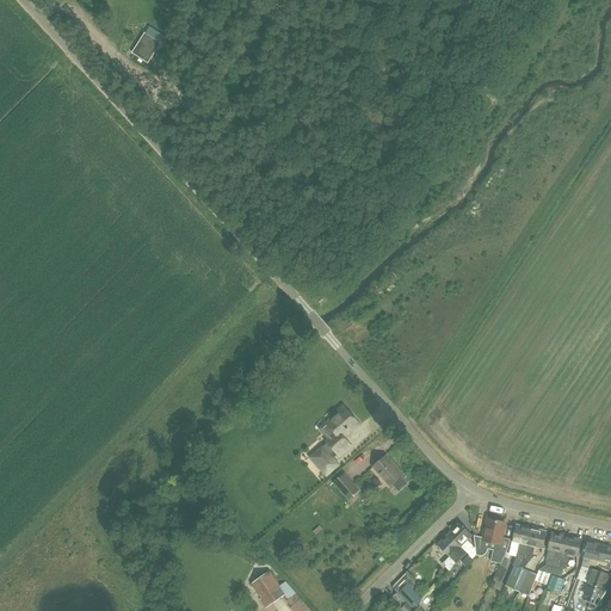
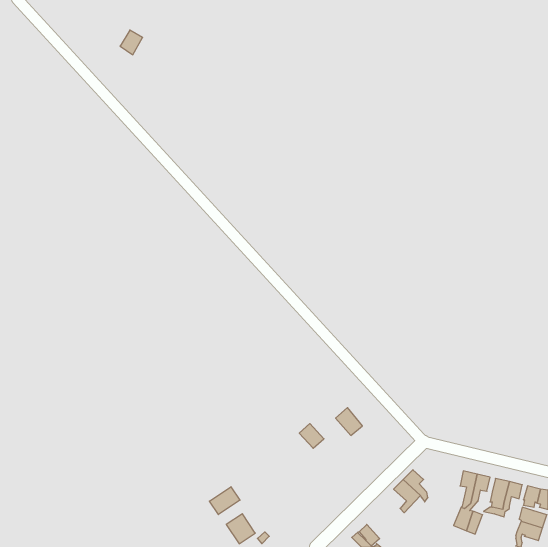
building: [309,403,362,475] -> none
building: [474,517,510,562] -> none
building: none -> [209,487,240,515]

